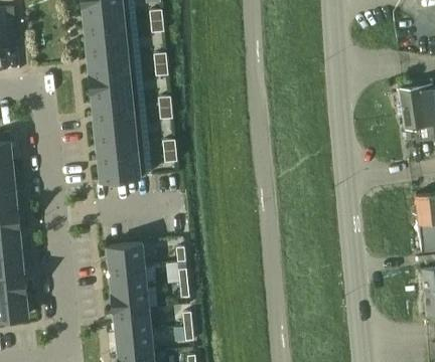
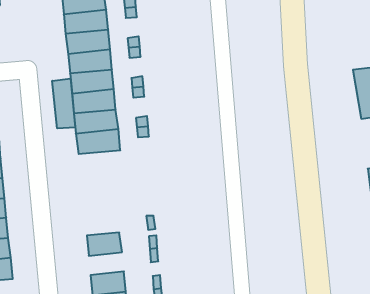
building: none -> [52,79,75,128]
building: [106,242,144,268] -> none
building: [111,287,149,312] -> none

